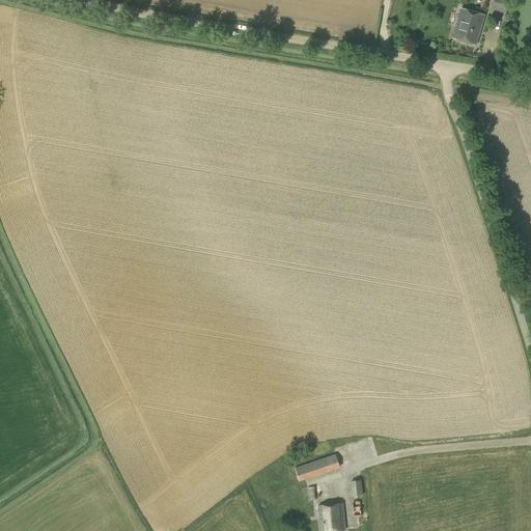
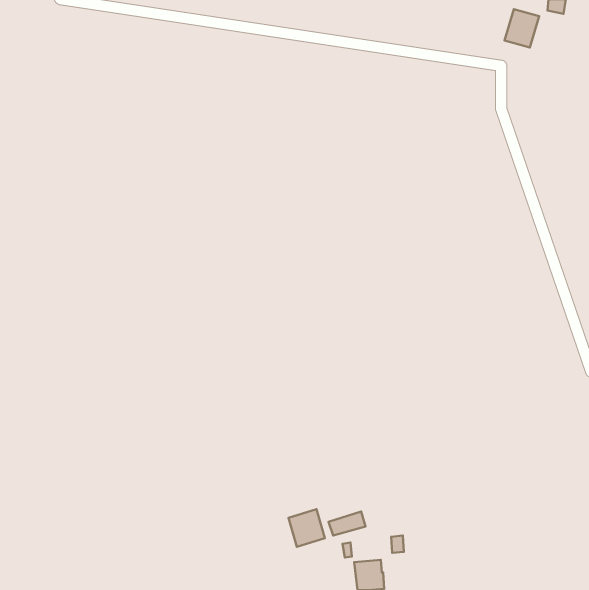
building: none -> [288,509,325,547]

